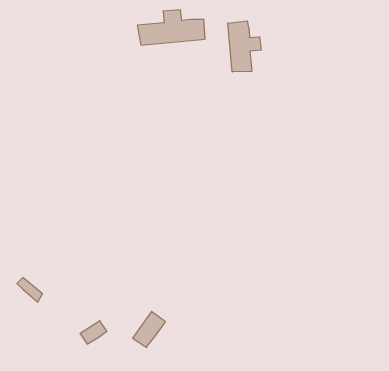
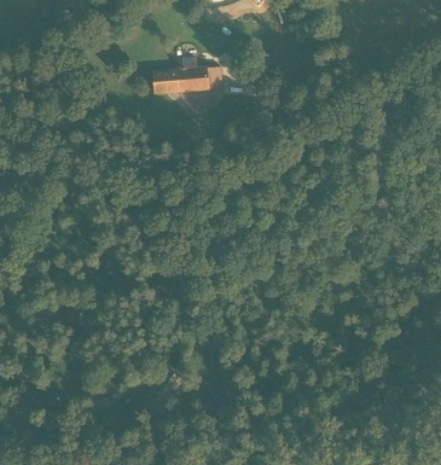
building: [228,21,261,72] -> none

